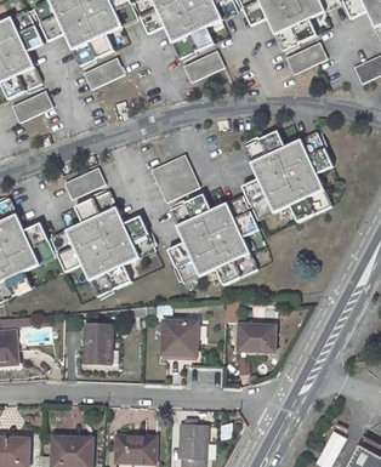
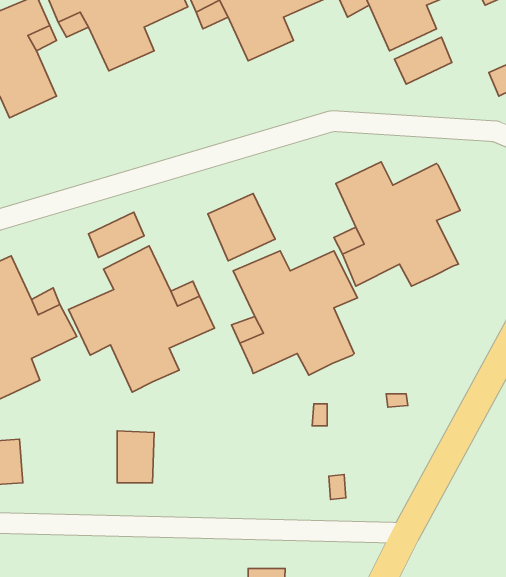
building: [183,51,223,82] -> none
building: [83,58,124,90] -> none
building: [11,91,52,124] -> none
building: [161,320,198,355] -> none
building: [238,324,275,352] -> none

